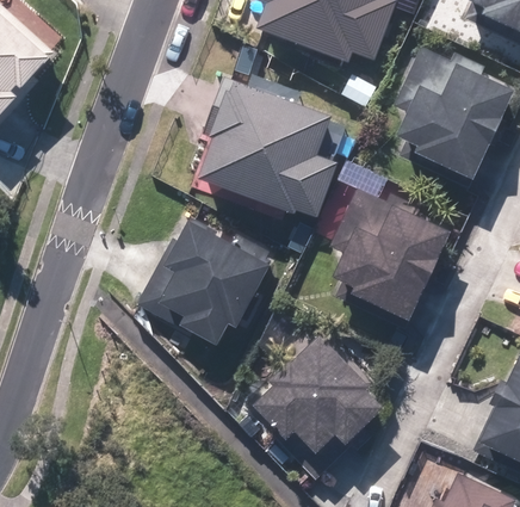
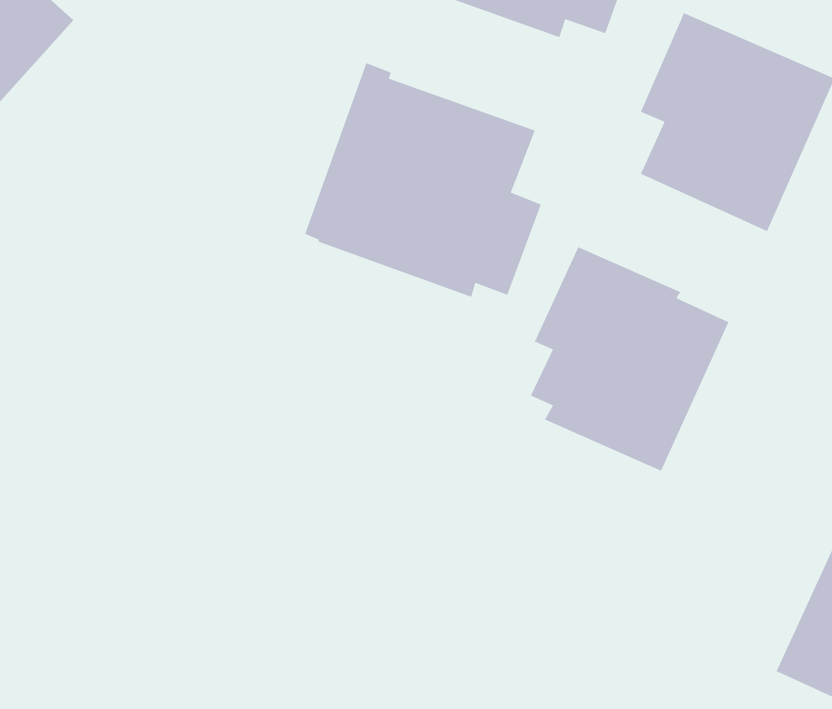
building: [140,217,276,351] -> none
building: [249,330,383,455] -> none

